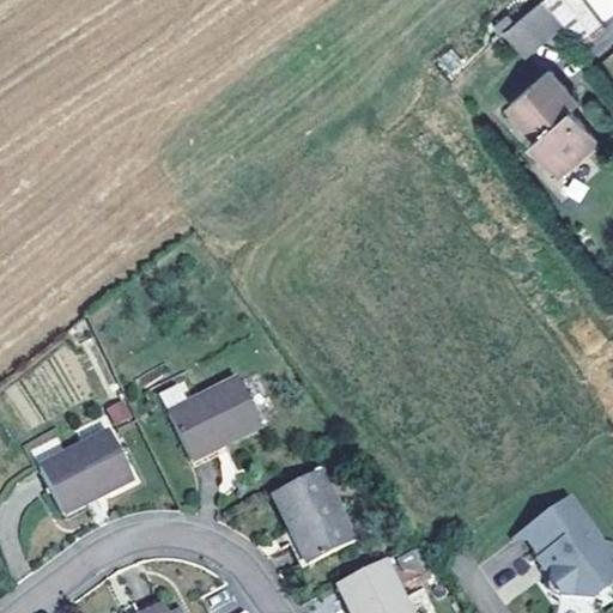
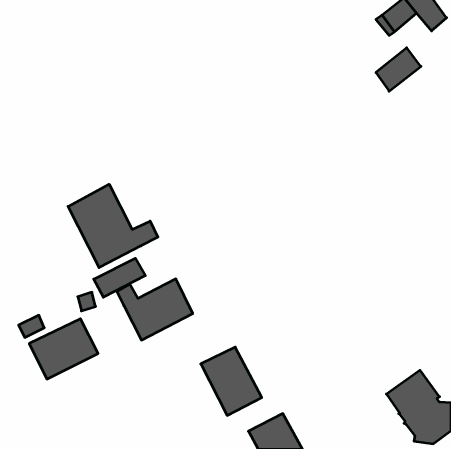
building: [527,90,595,170] -> none
building: none -> [68,184,158,268]
building: none -> [94,258,145,297]

